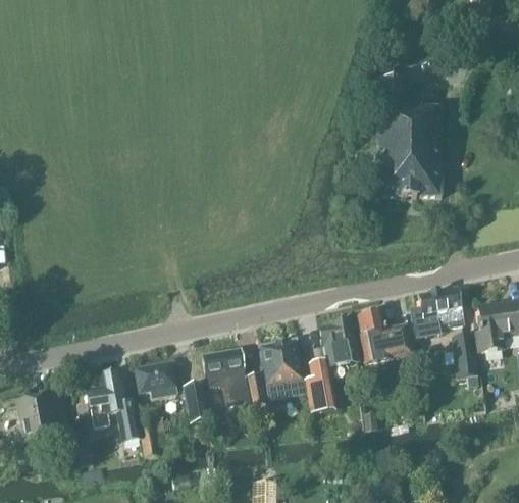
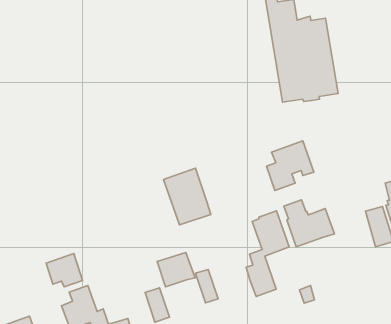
building: [409,286,462,338] -> [267,141,314,191]
building: [258,337,306,399] -> [163,168,211,225]
building: [136,361,174,398] -> [46,253,83,287]
building: [224,375,251,414] -> none

